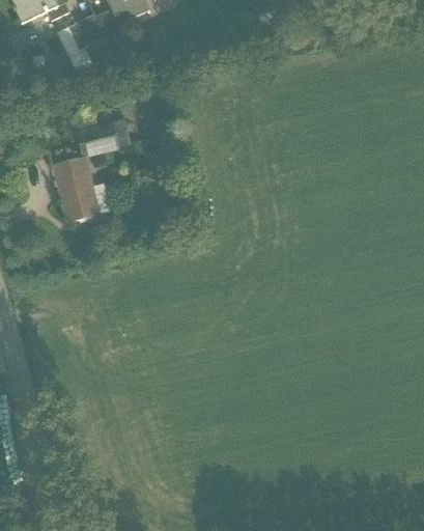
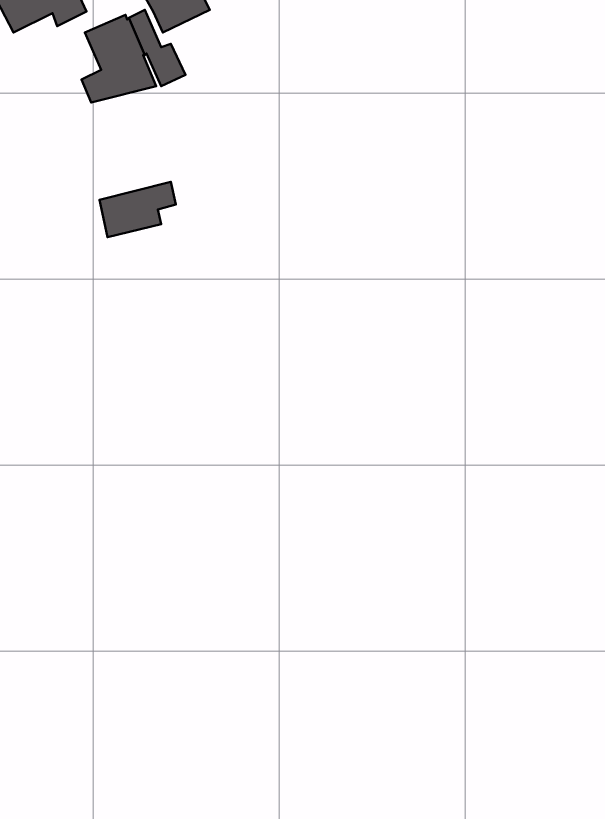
building: [52,155,96,219] -> none

